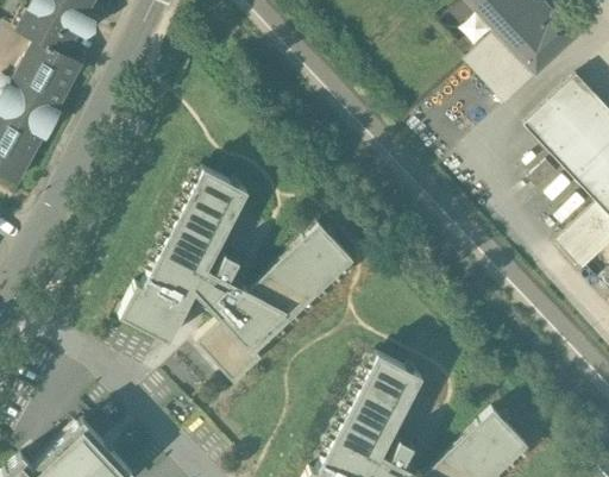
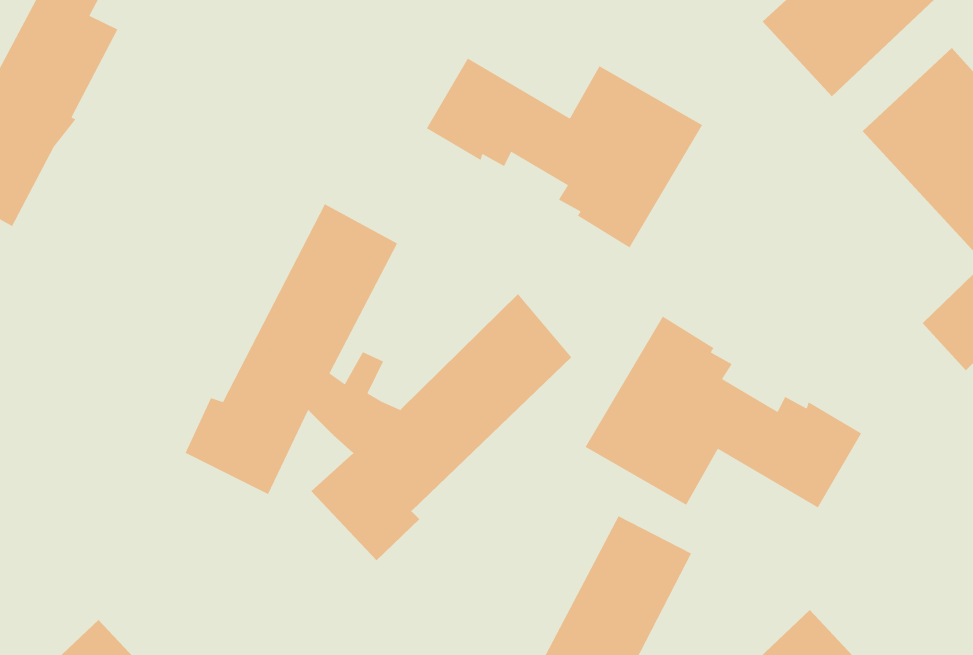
building: none -> [426,58,703,249]
building: none -> [585,316,862,509]

